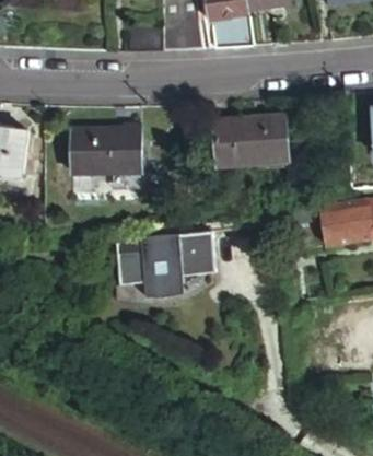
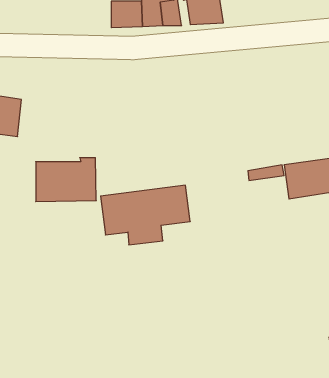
building: [213,114,288,166] -> none
building: [73,124,141,173] -> [36,158,96,202]

